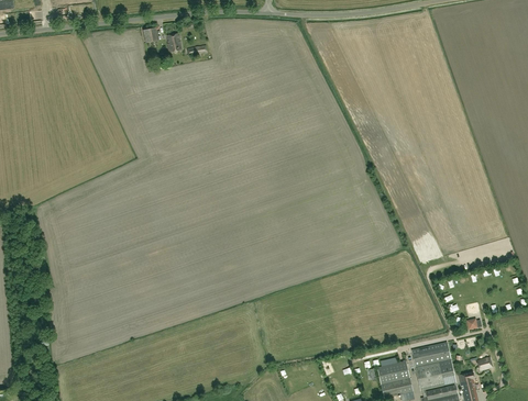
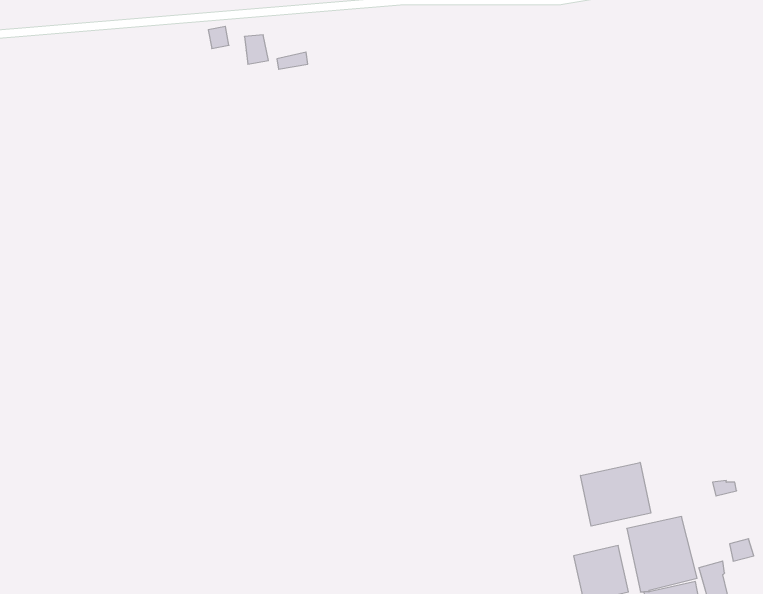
building: none -> [581,462,651,526]

